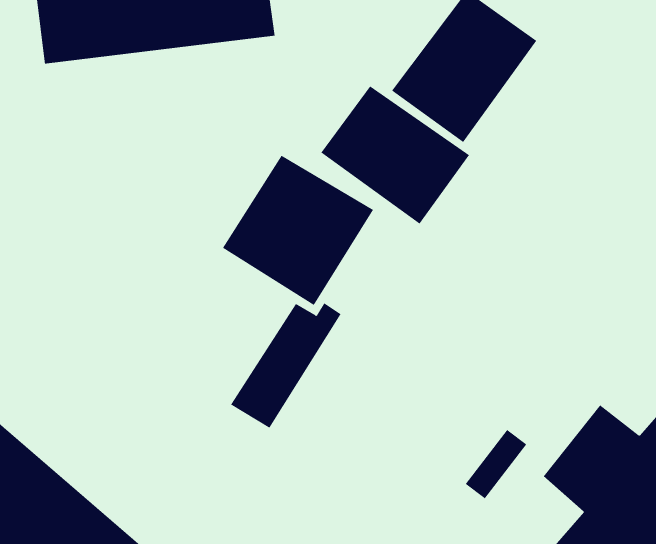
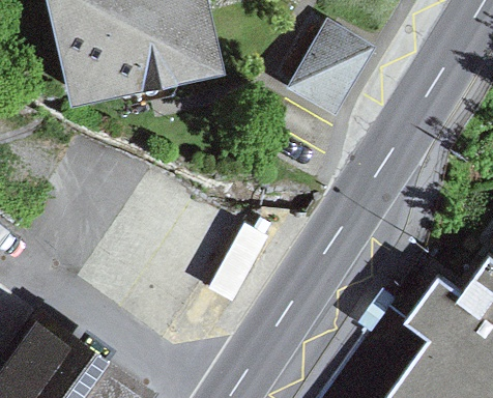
building: [321,85,470,225] -> none
building: [222,155,374,306] -> none

